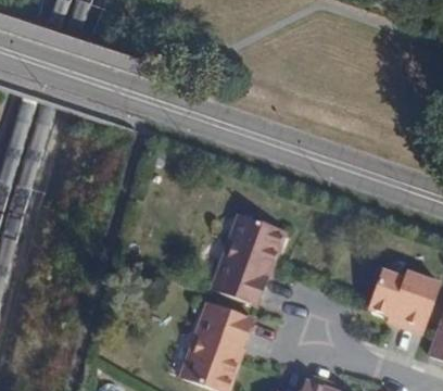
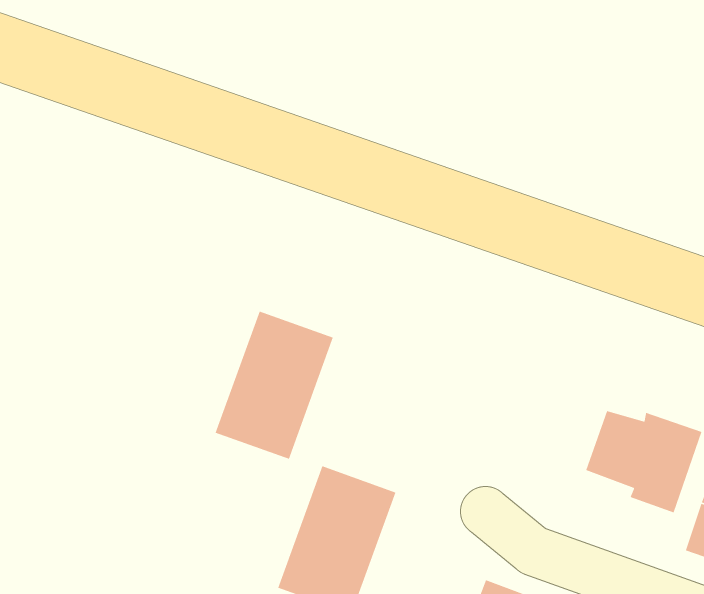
building: [212,215,284,306] -> [215,310,334,460]

